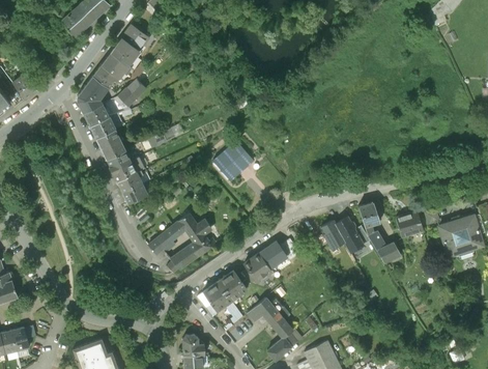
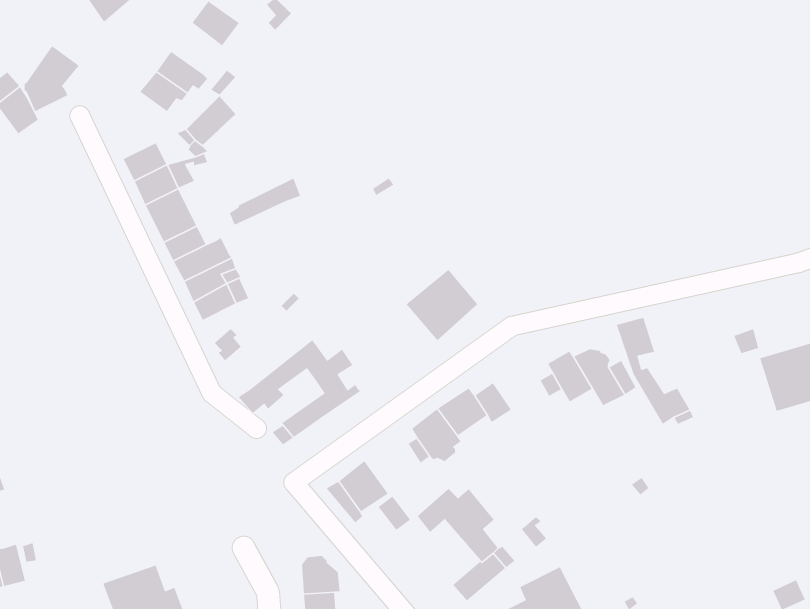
building: [110,37,141,65] -> none
building: [77,76,108,113] -> [24,45,80,112]
building: [212,140,253,180] -> [406,269,478,341]
building: [395,209,423,235] -> none
building: [218,271,247,300] -> none

